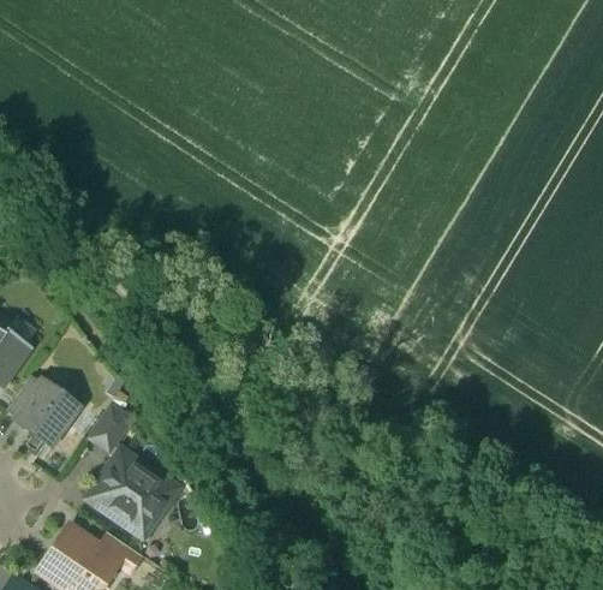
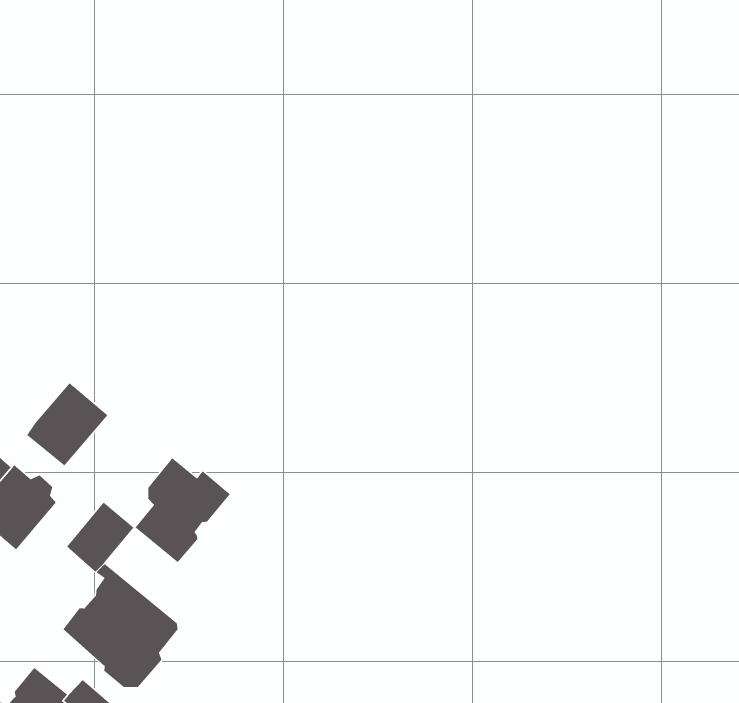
building: none -> [26,382,109,466]
building: none -> [134,457,231,563]

